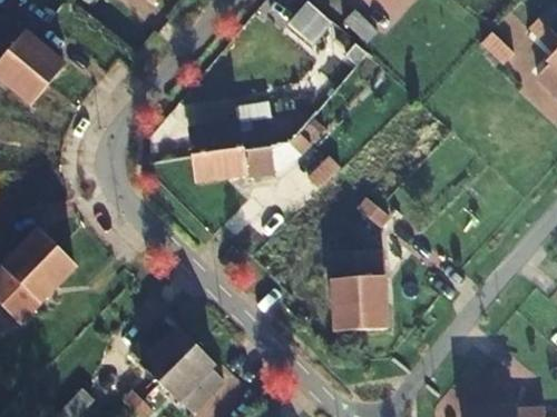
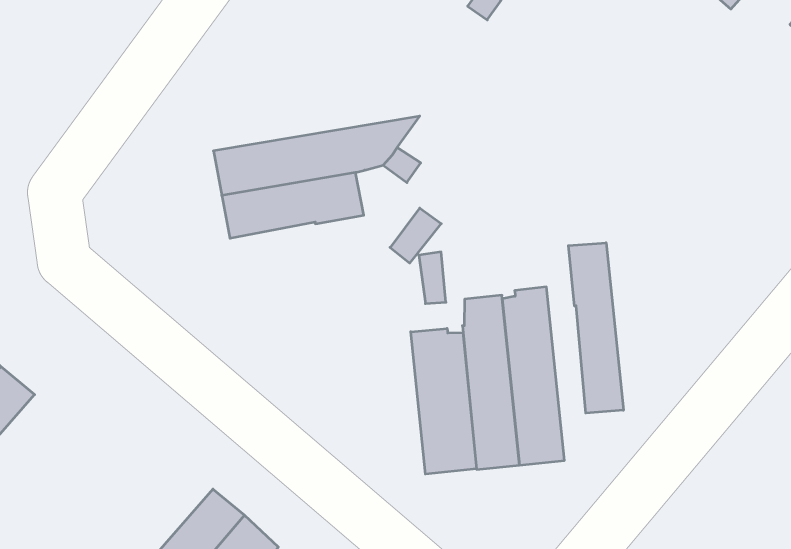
building: none -> [568,243,623,413]
building: none -> [411,328,477,474]

